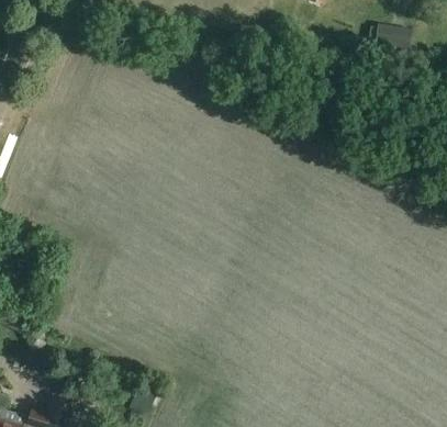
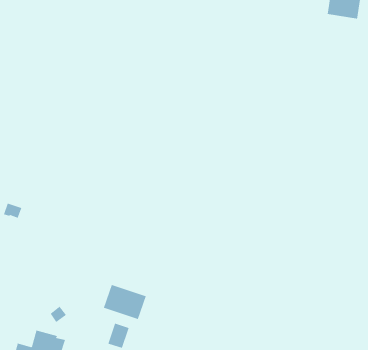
building: none -> [103,284,147,320]

